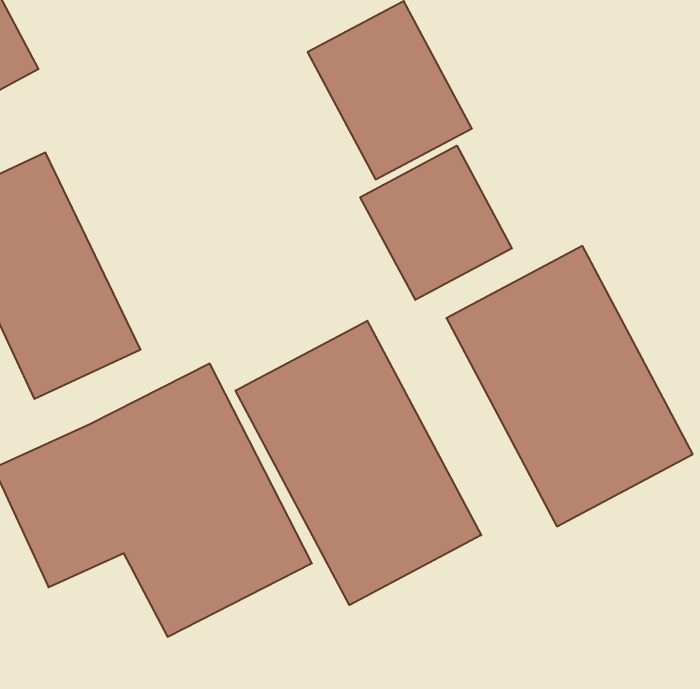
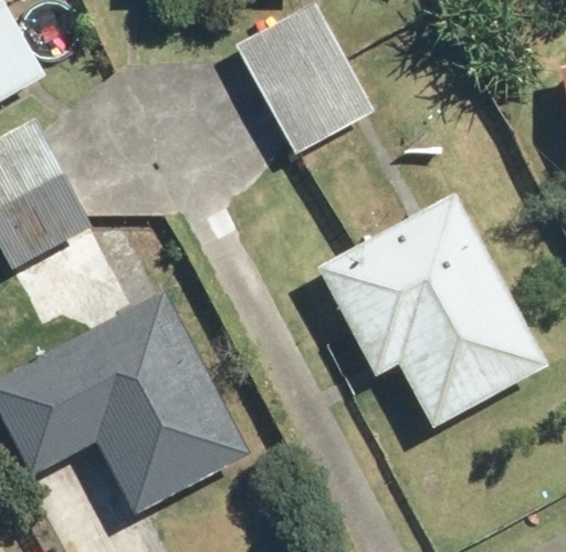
building: [360,146,512,300] -> none
building: [236,321,481,605] -> none

